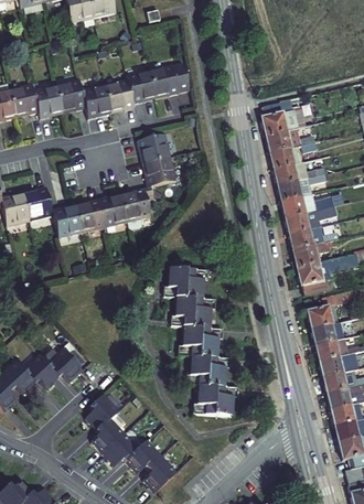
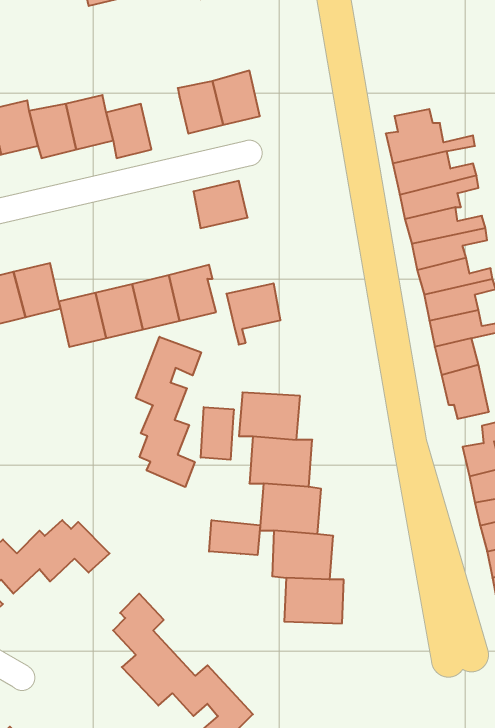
building: [105,81,136,114] -> none
building: [142,157,176,195] -> [226,283,281,345]
building: none -> [136,337,201,487]
building: none -> [201,407,234,460]
building: none -> [209,520,260,555]

